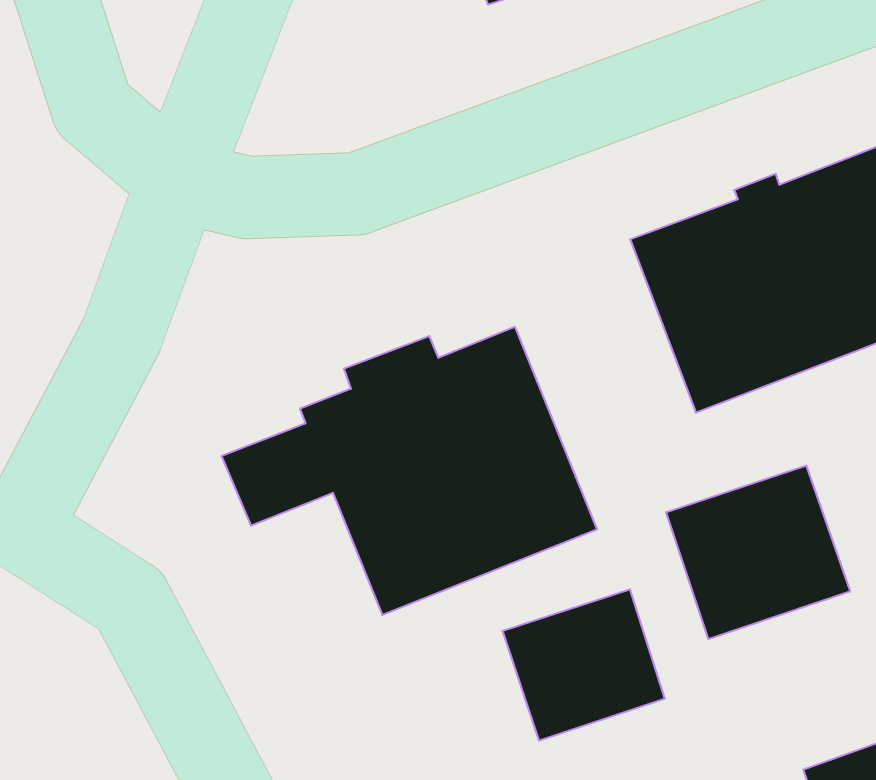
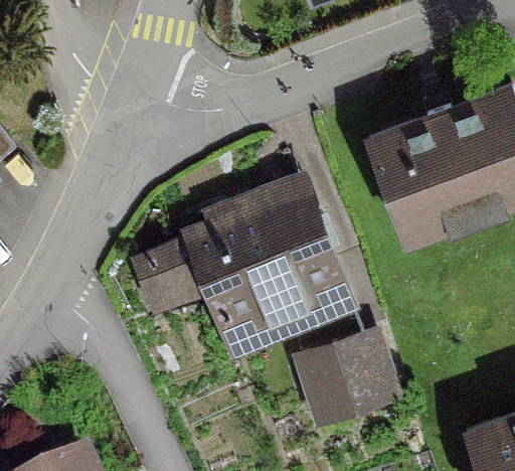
building: [666,465,850,639] -> none

